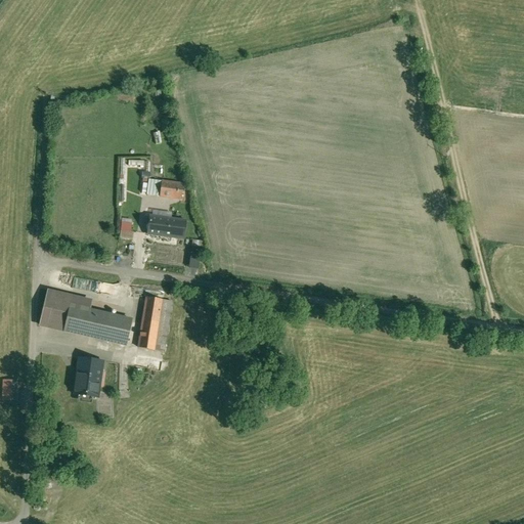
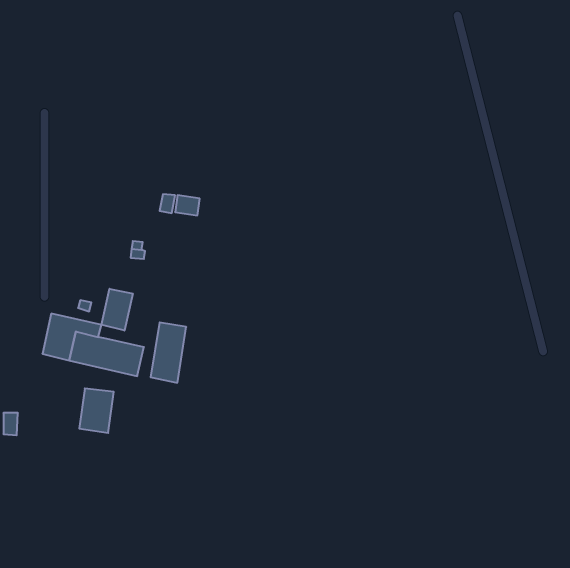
building: [147,214,186,237] -> none
building: none -> [102,289,133,331]

